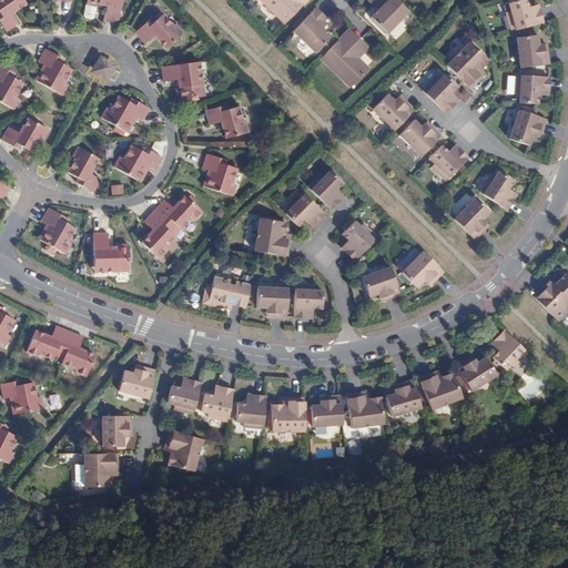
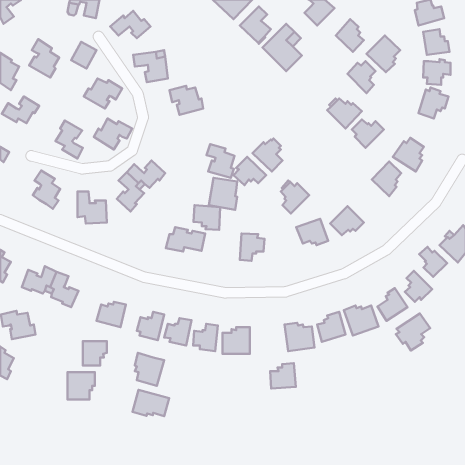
building: none -> [336,19,364,52]
building: [373,94,414,130] -> none
building: [202,155,236,196] -> [206,144,235,178]
building: [256,286,288,316] -> [194,205,220,230]
building: none -> [419,247,447,277]
building: none -> [396,314,430,351]
building: [312,395,343,426] -> [270,363,296,389]
building: none -> [132,390,169,416]

